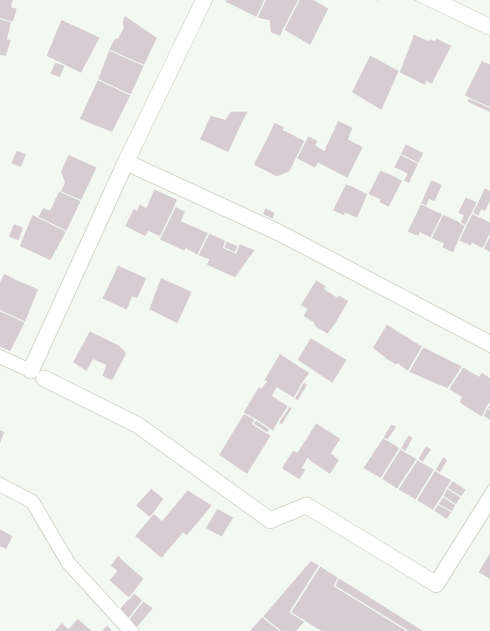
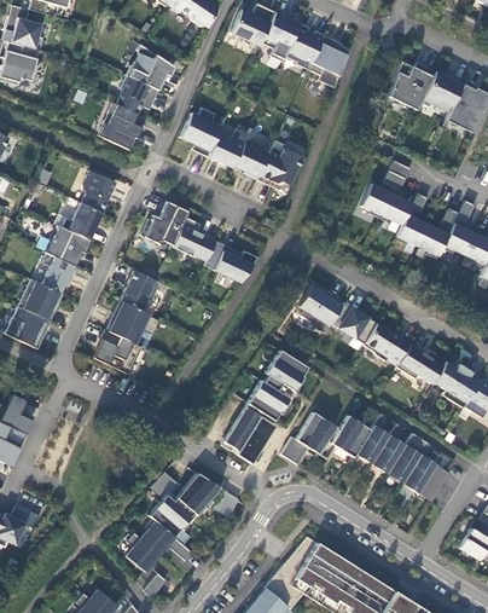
building: [46,19,101,74] -> none
building: none -> [422,71,463,109]
building: [351,55,399,111] -> [308,37,352,88]
building: none -> [180,106,221,156]
building: [296,120,364,178] -> none
building: none -> [234,141,269,179]
building: [332,184,368,218] -> [379,193,412,225]
building: none -> [41,253,74,291]
building: [148,277,192,324] -> [109,300,149,342]
building: [297,337,348,384] -> [331,302,377,345]
building: none -> [330,415,371,457]
building: none -> [140,517,193,561]

